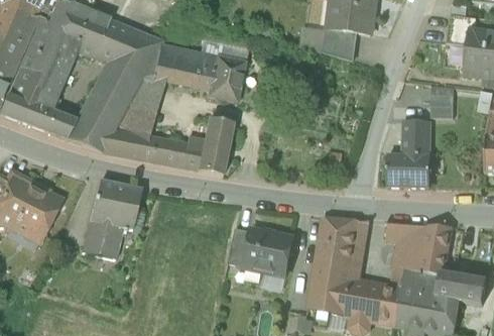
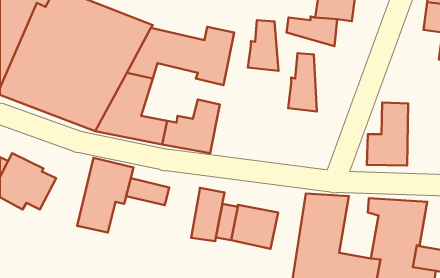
building: none -> [248,20,279,71]
building: none -> [288,53,317,111]
building: [431,94,454,118] -> none
building: none -> [126,178,169,205]
building: none -> [191,188,224,241]

